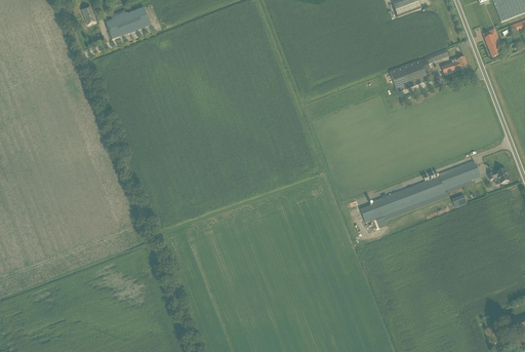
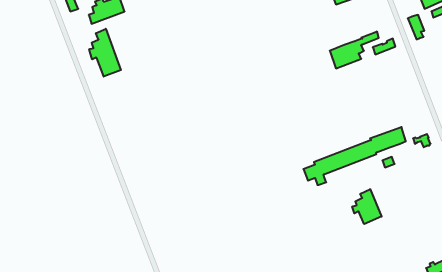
building: none -> [89,29,121,77]
building: none -> [352,189,382,224]

